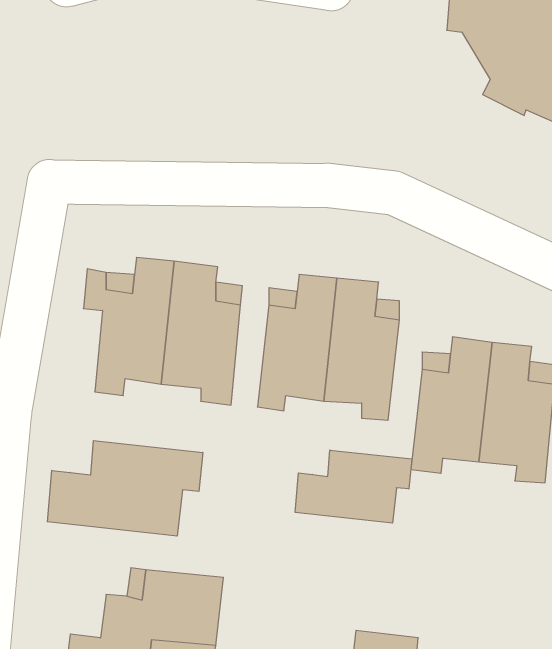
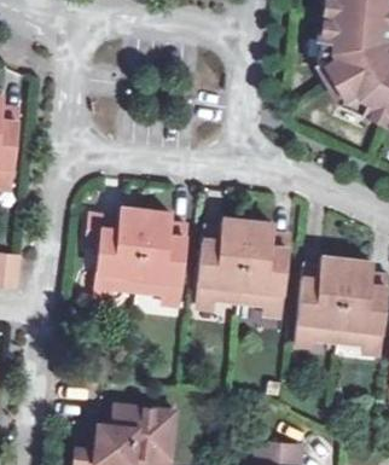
building: [47,441,203,536] -> none
building: [295,450,412,523] -> none

